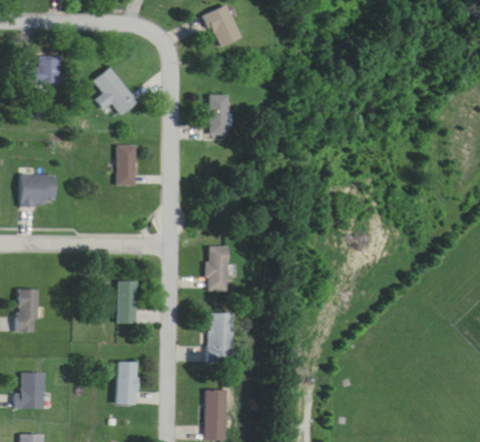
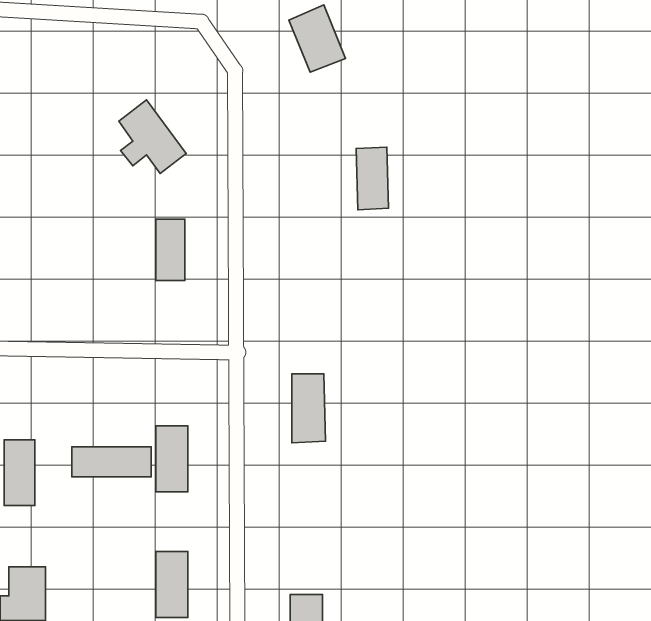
building: [23,57,59,84] -> none
building: [207,95,228,136] -> [356,147,388,210]
building: [20,173,56,205] -> none
building: none -> [72,447,151,477]
building: [207,312,230,362] -> none

